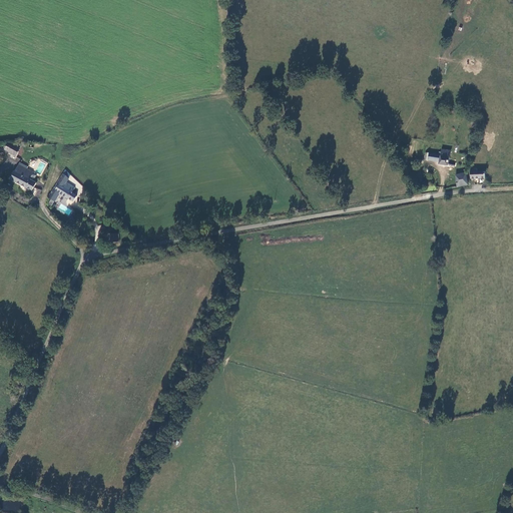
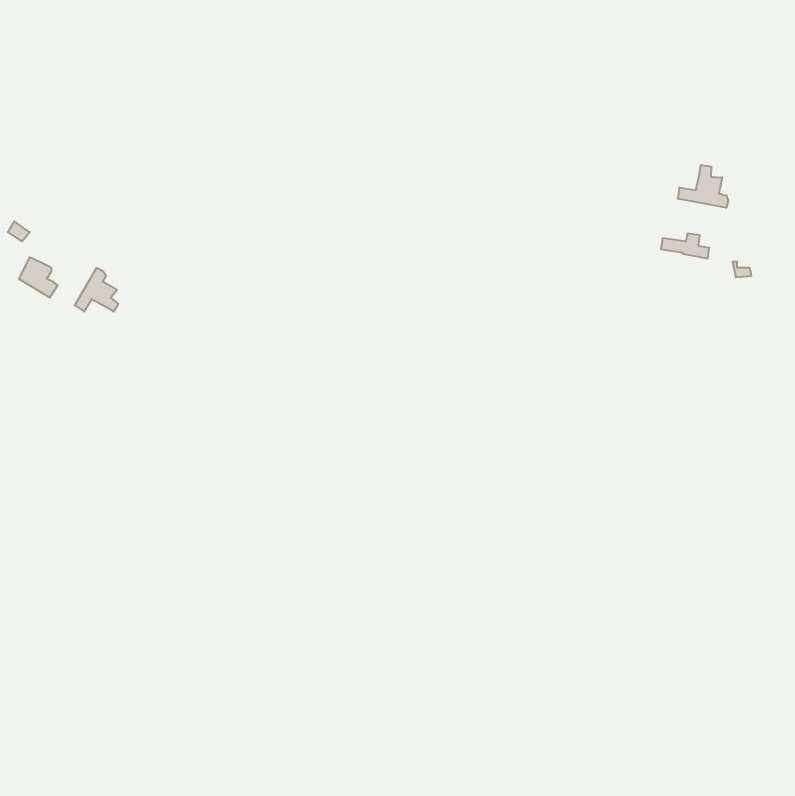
building: none -> [678,165,728,208]

